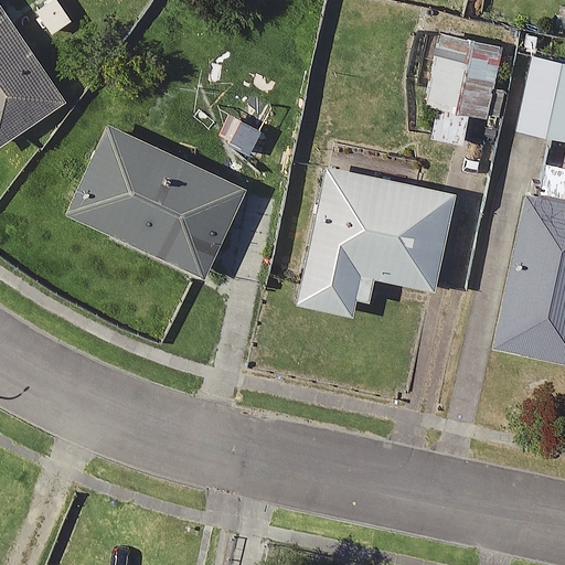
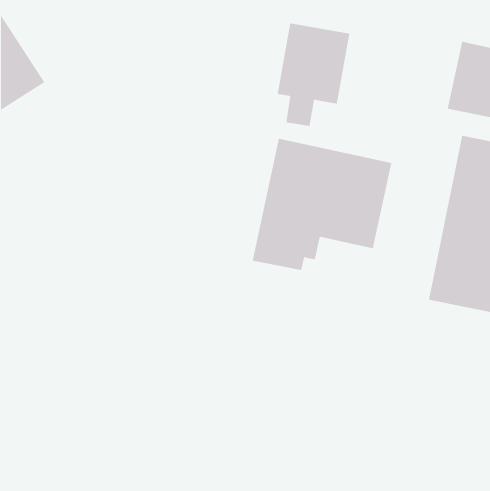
building: [425,29,508,146] -> [277,23,350,127]
building: [68,129,244,279] -> none

